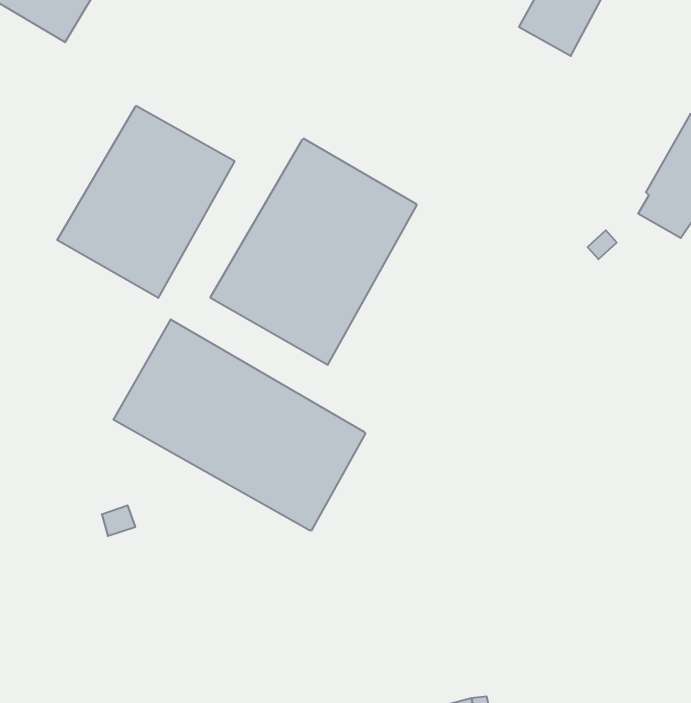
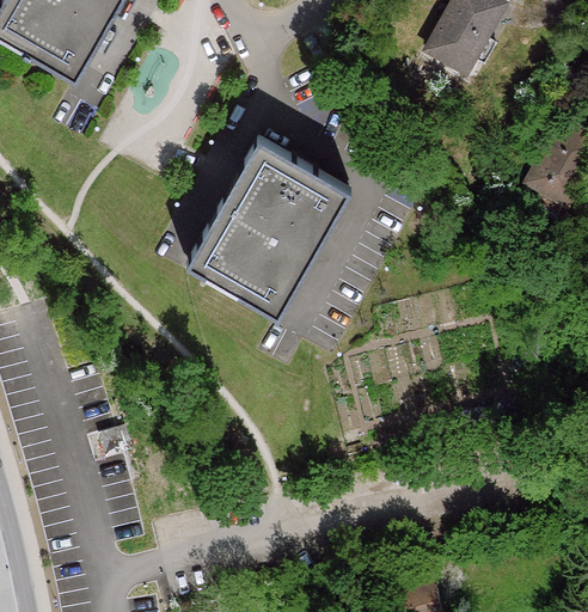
building: [57,106,234,298] -> none
building: [113,319,365,531] -> none

